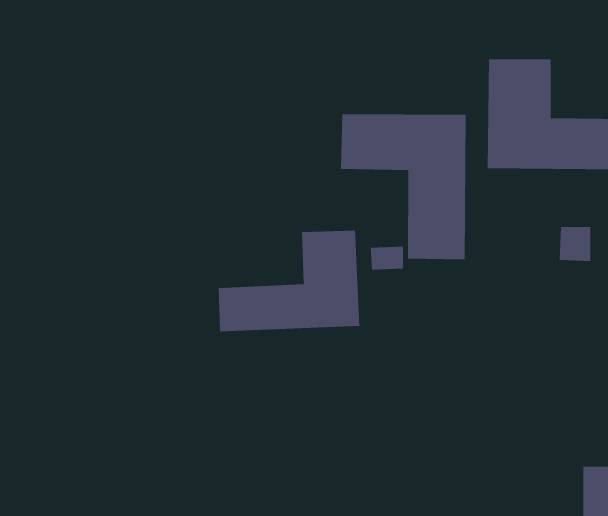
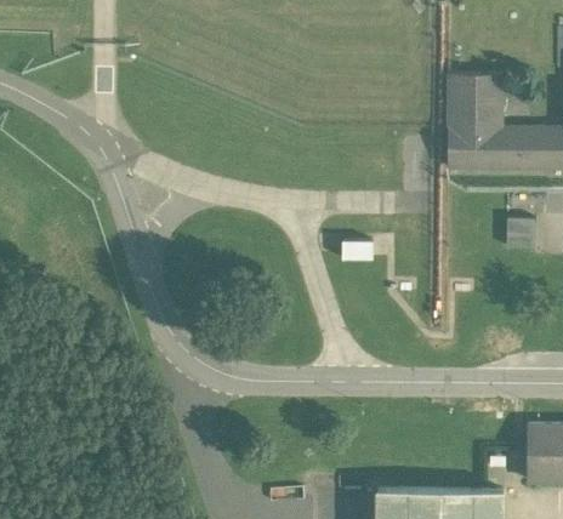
building: [341,114,466,260] -> none
building: [218,230,360,332] -> none

